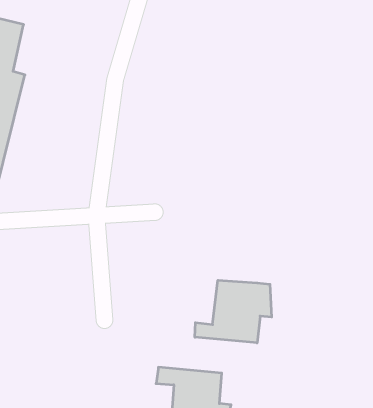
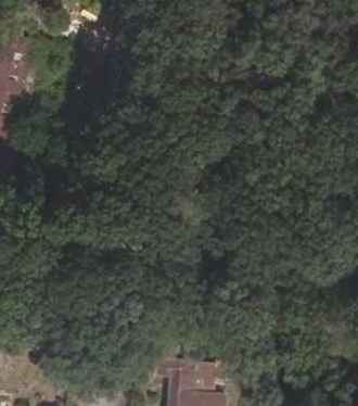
building: [195,280,272,343] -> none

